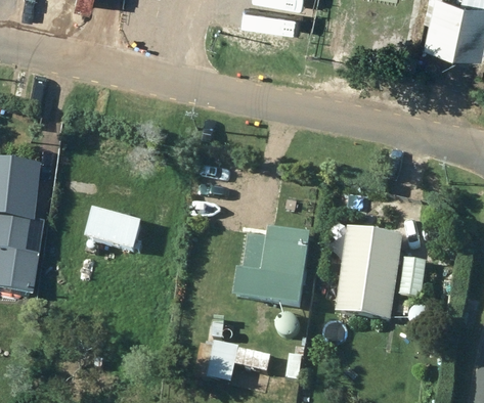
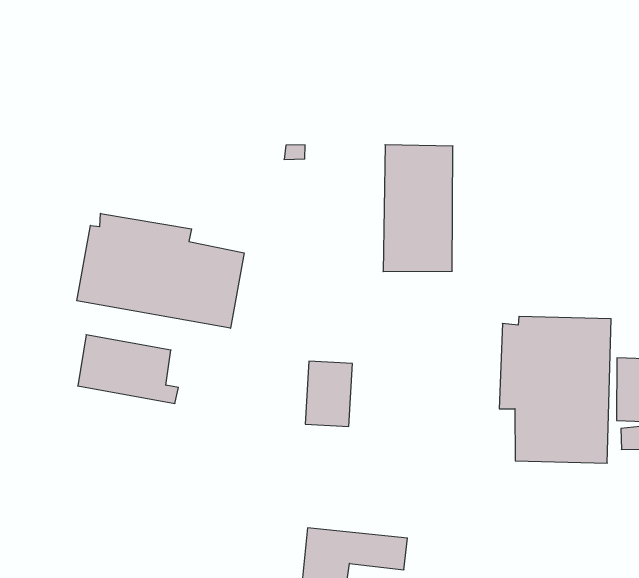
building: none -> [77,213,244,328]
building: [263,214,312,293] -> [383,145,453,272]

